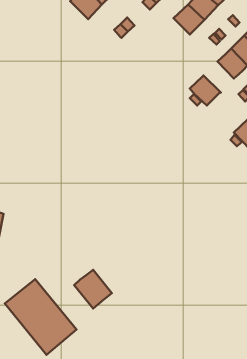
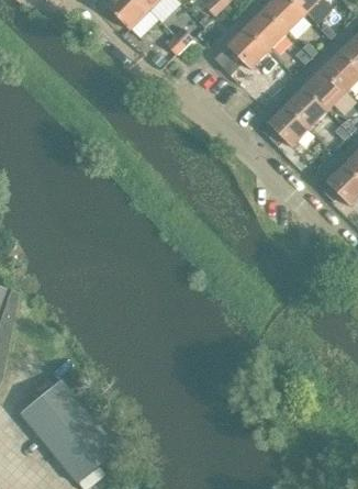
building: none -> [215,27,268,74]
building: none -> [287,86,327,127]
building: [74,270,112,309] -> none

